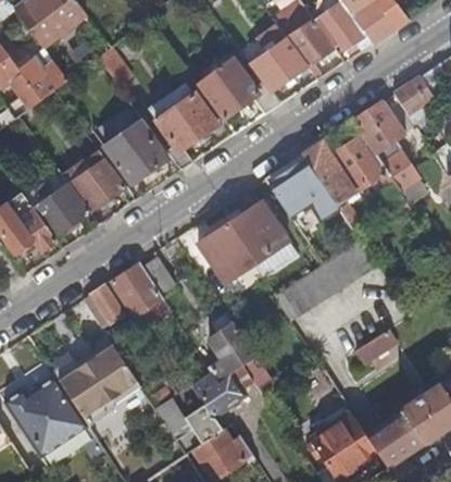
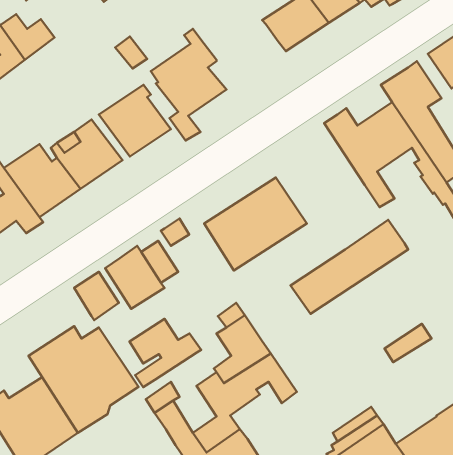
building: [198,59,280,121] -> none
building: [266,155,339,220] -> none
building: none -> [130,319,201,387]

